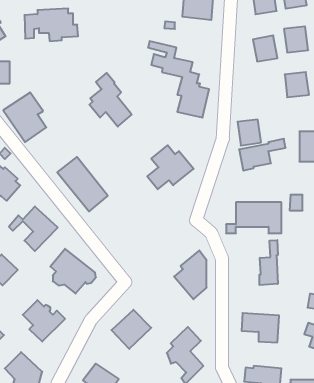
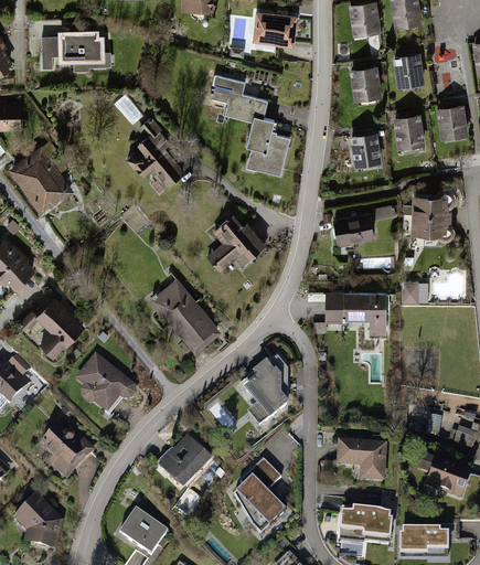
building: [237,120,261,146] -> [348,134,380,169]
building: [57,157,108,211] -> [151,279,220,353]
building: [259,240,278,285] -> none

